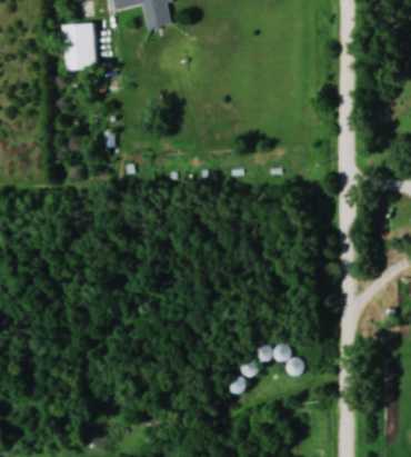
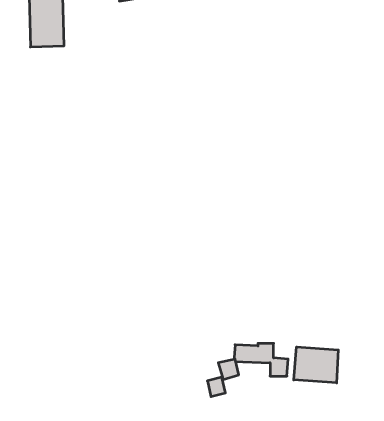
building: none -> [294,347,338,383]

